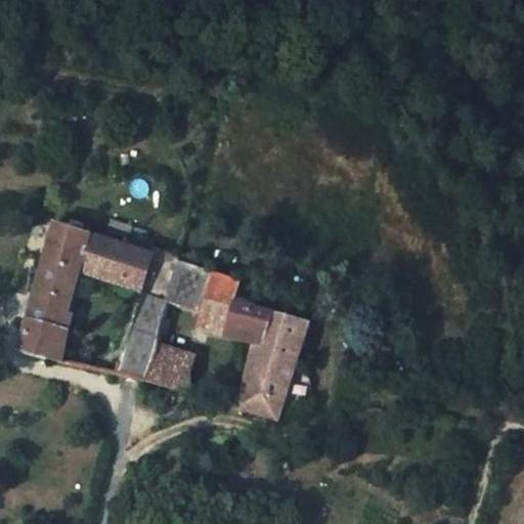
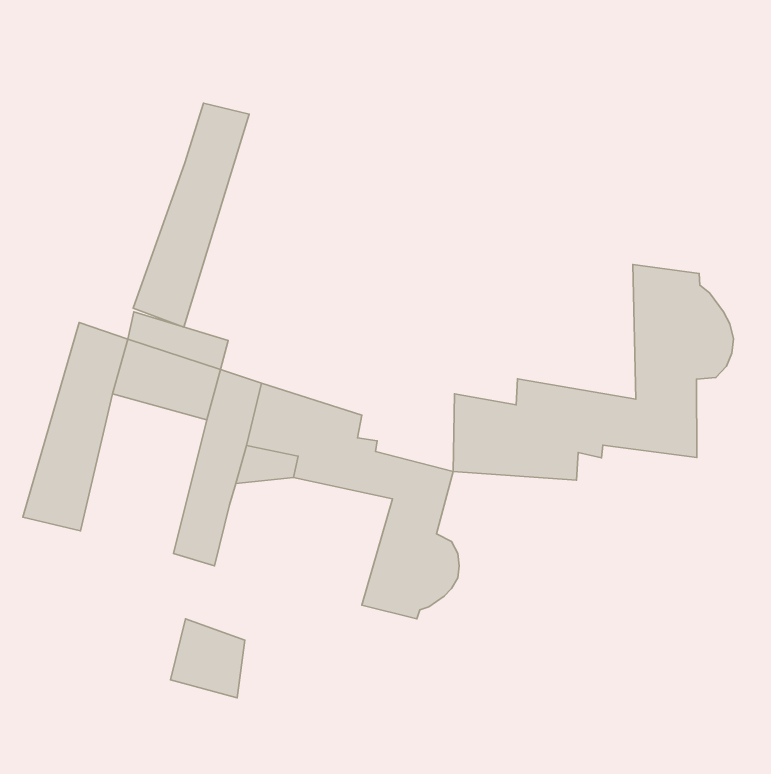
building: none -> [133,103,249,327]
building: none -> [453,264,734,480]
building: [144,342,194,395] -> [170,619,245,698]

